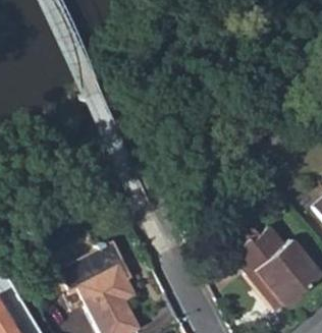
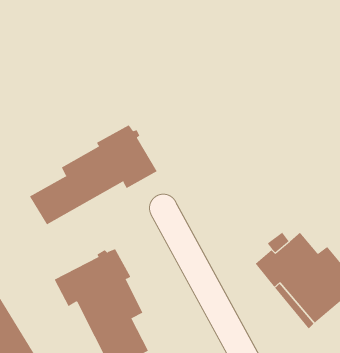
building: none -> [29,125,157,225]

